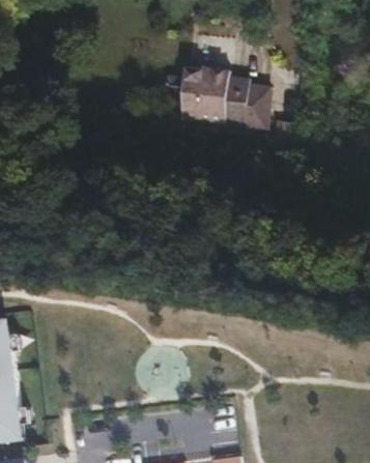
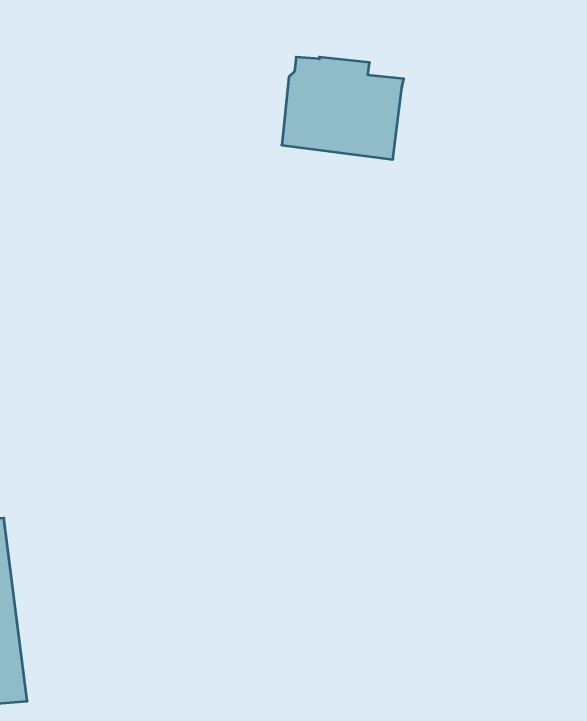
building: [233,85,259,128] -> none

